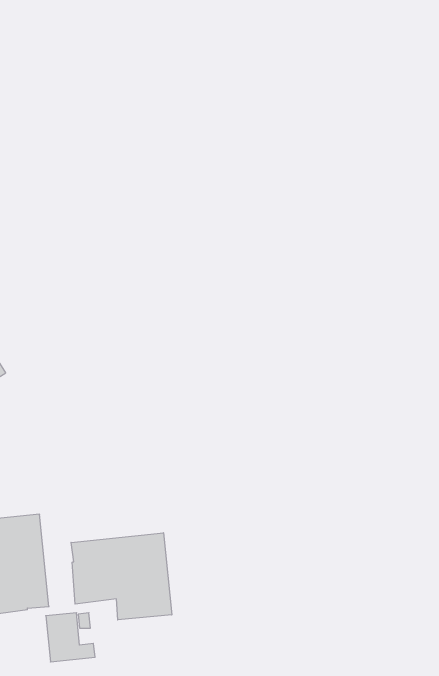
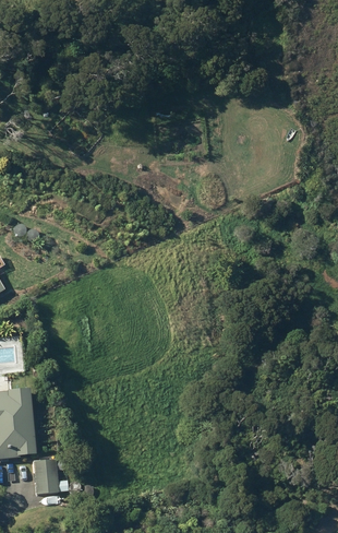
building: [71,533,172,620] -> none

